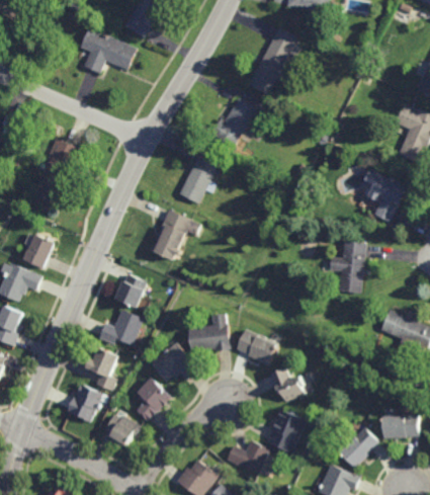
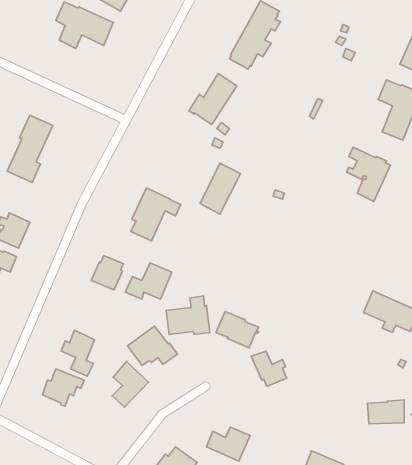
building: [178,154,218,203] -> [200,163,241,214]
building: [329,240,365,293] -> none
building: [97,310,143,345] -> [125,263,172,299]
building: [267,409,307,453] -> none
building: [104,414,140,446] -> none
building: [341,428,379,469] -> none

